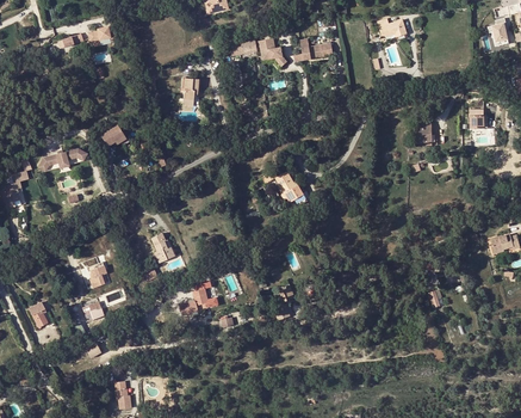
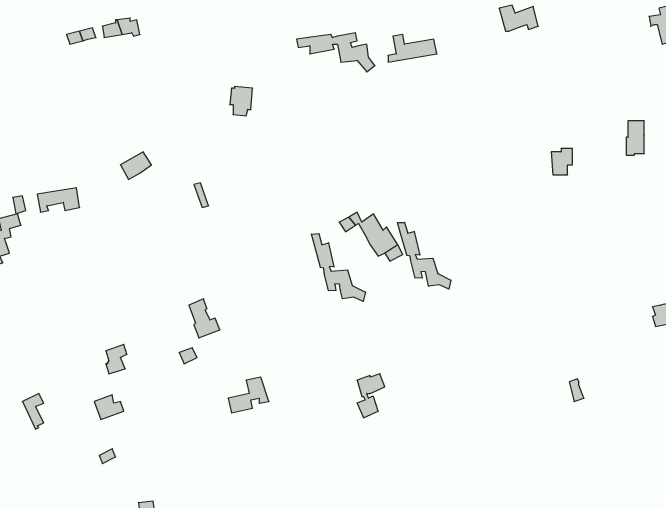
building: none -> [397,222,451,289]
building: none -> [311,234,366,301]

